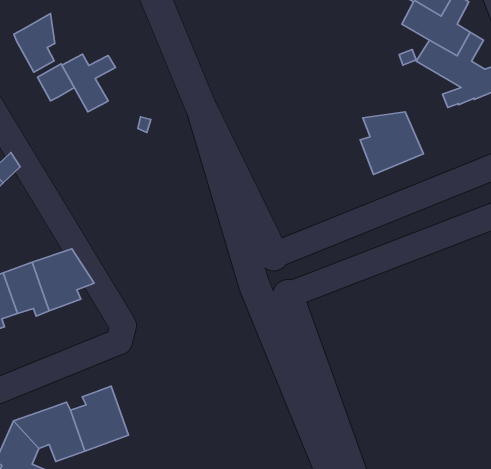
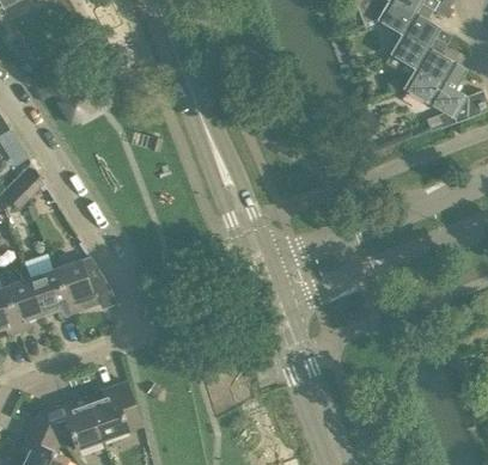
building: [14,14,55,72] -> none
building: [62,54,116,112] -> none
building: [360,112,423,175] -> none

